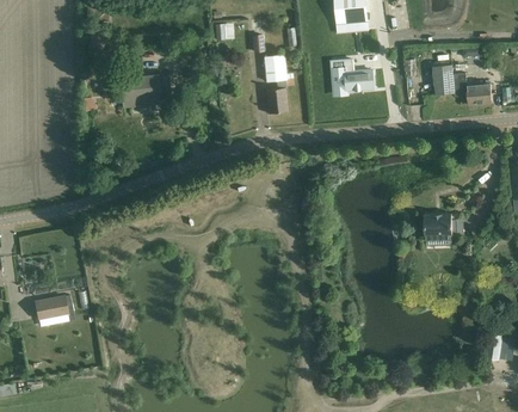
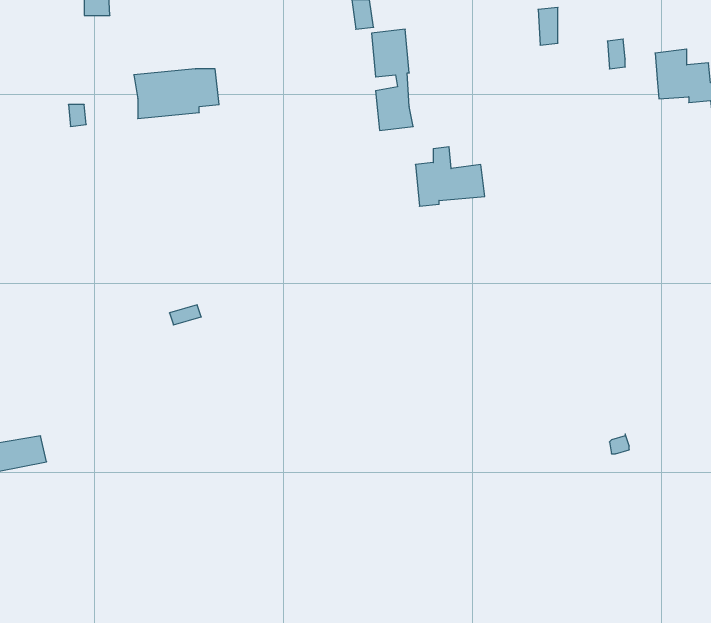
building: [333,59,375,94] -> [415,147,485,206]
building: [425,214,454,238] -> none

